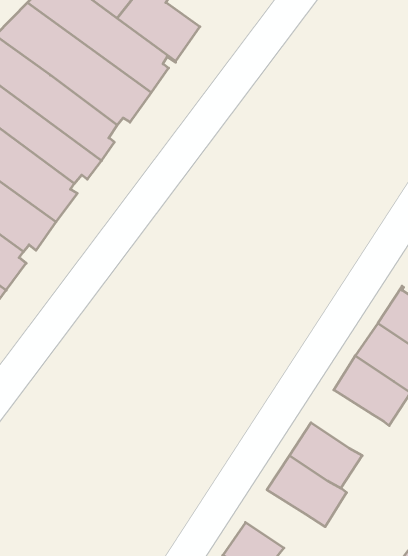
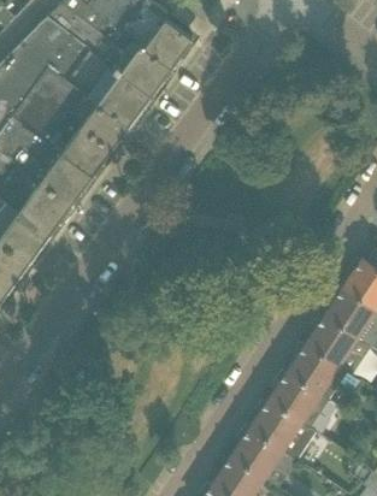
building: none -> [285,344,359,400]
building: none -> [230,429,298,478]

